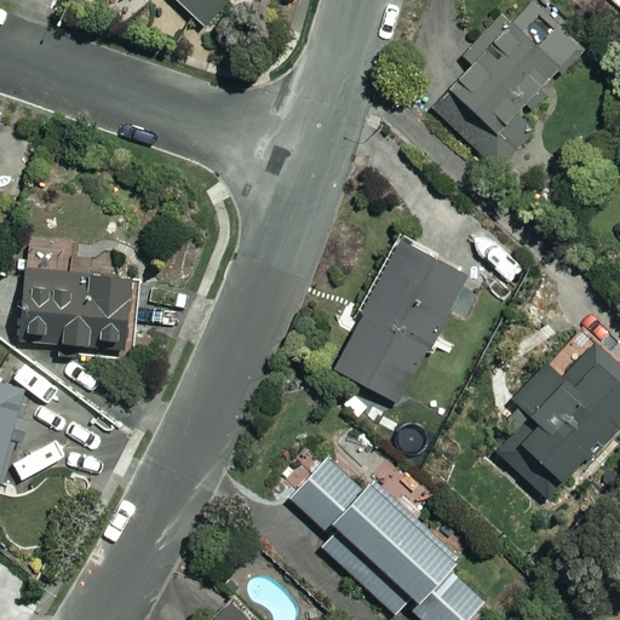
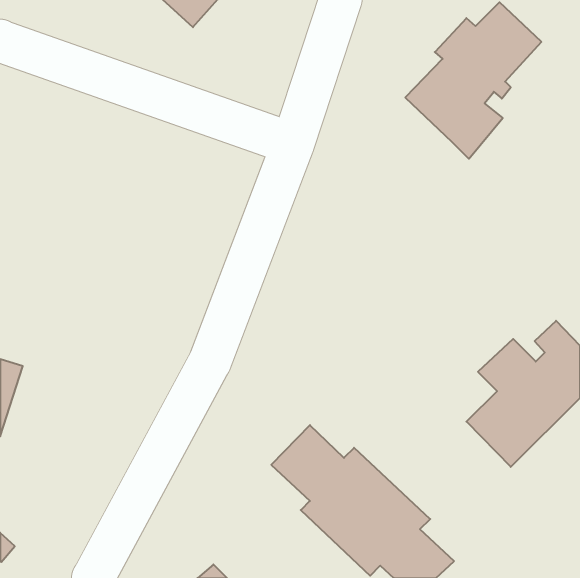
building: [335,241,463,402] -> none
building: [23,269,139,349] -> none

